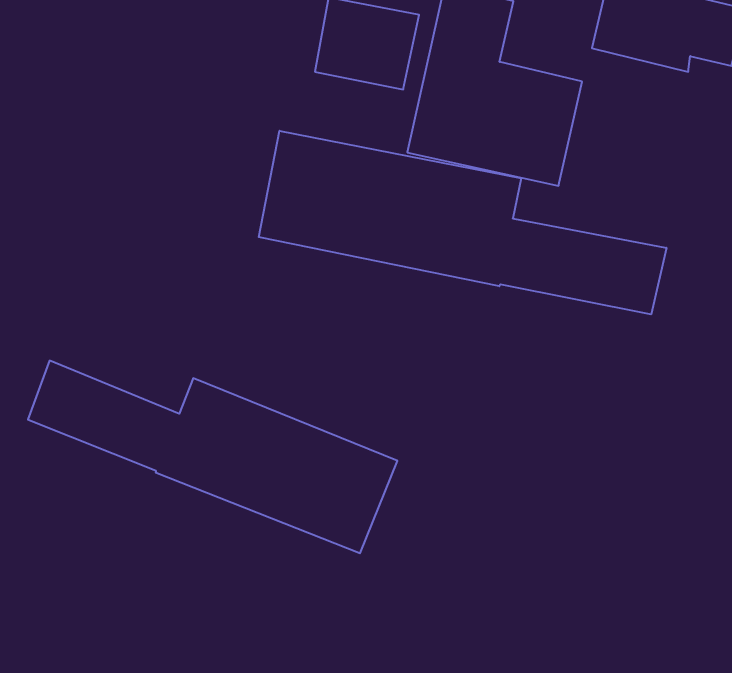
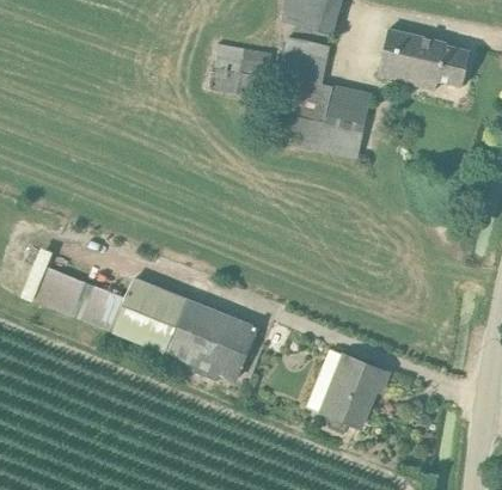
building: [259,131,666,314] -> none
building: none -> [314,355,388,427]

